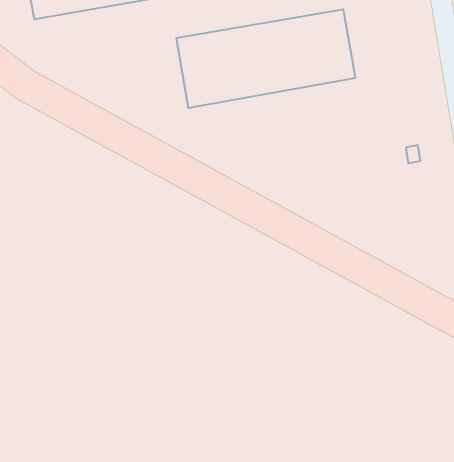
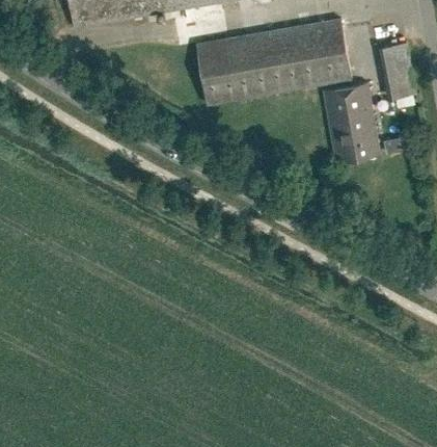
building: none -> [378,40,411,105]
building: none -> [323,81,379,160]

